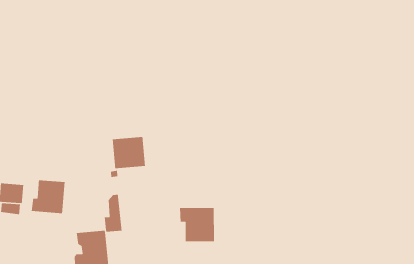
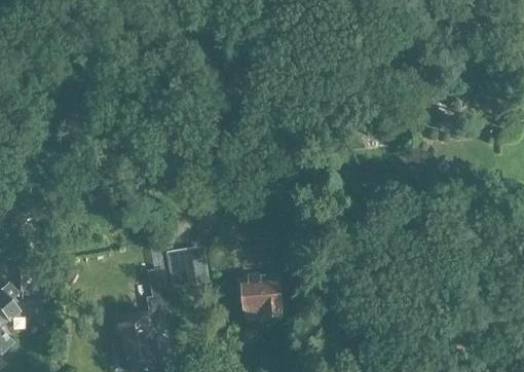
building: [112,136,146,169] -> [166,246,210,288]
building: [31,180,65,214] -> none

